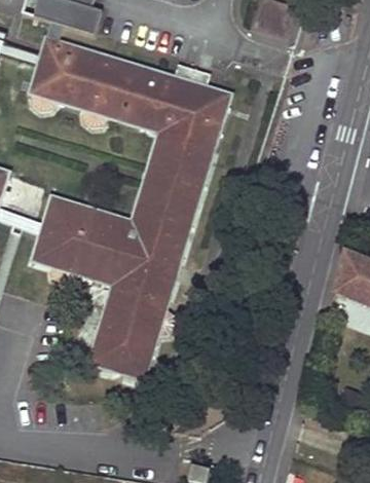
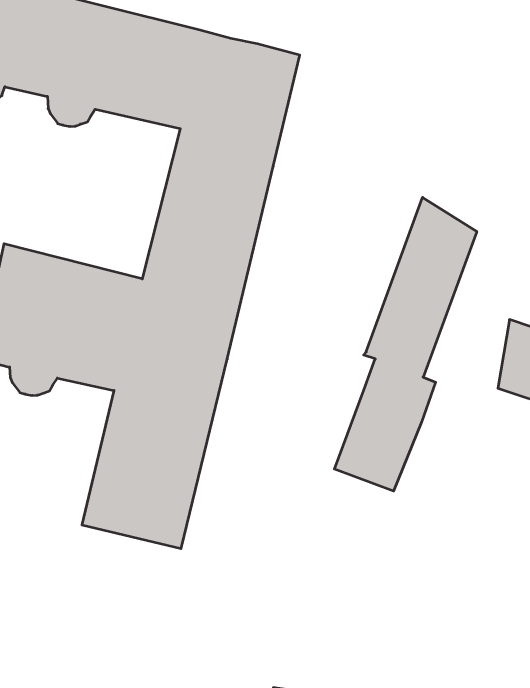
building: none -> [334,197,477,491]

